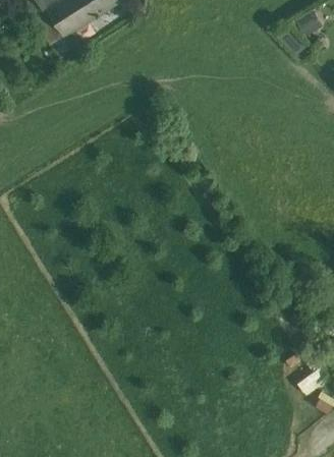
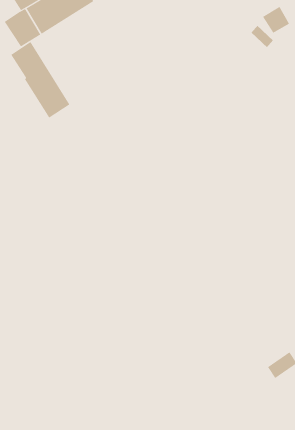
building: none -> [11,41,70,119]

